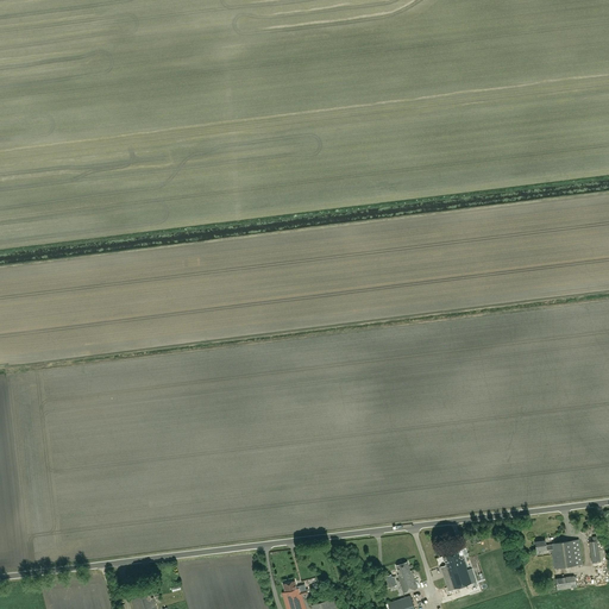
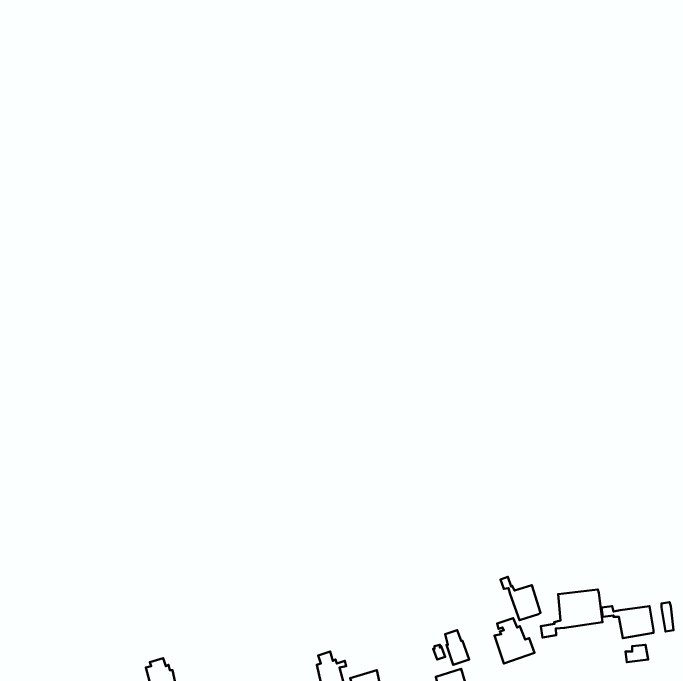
building: none -> [500,577,541,620]
building: none -> [541,590,602,637]

